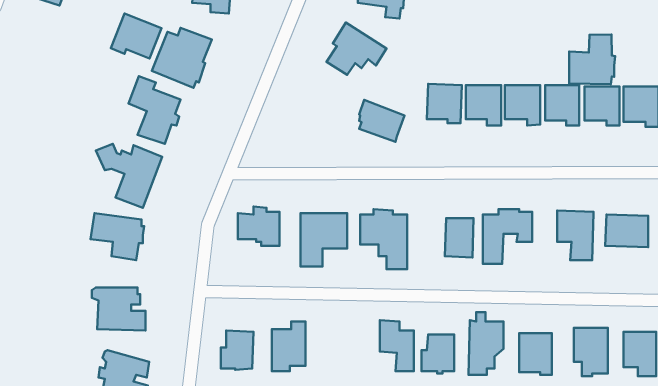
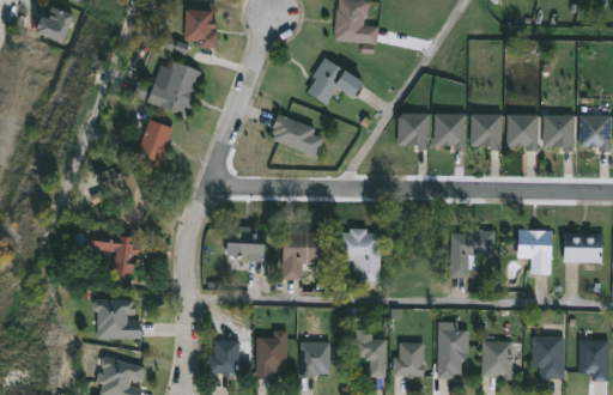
building: [111,13,162,58] -> none
building: [569,35,615,84] -> none
building: [359,100,405,142] -> [273,114,315,152]
building: none -> [301,341,330,377]

